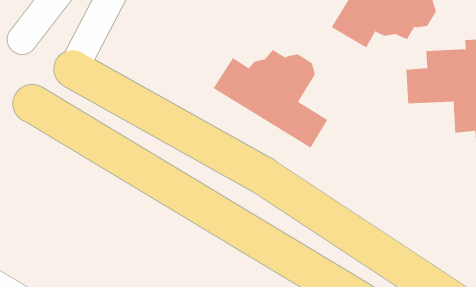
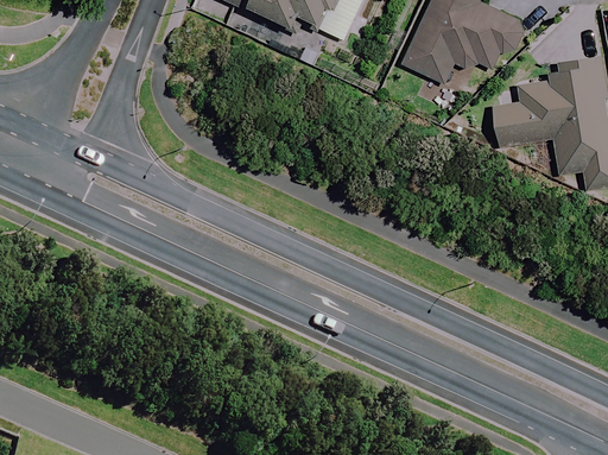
building: [213,49,328,148] -> none

